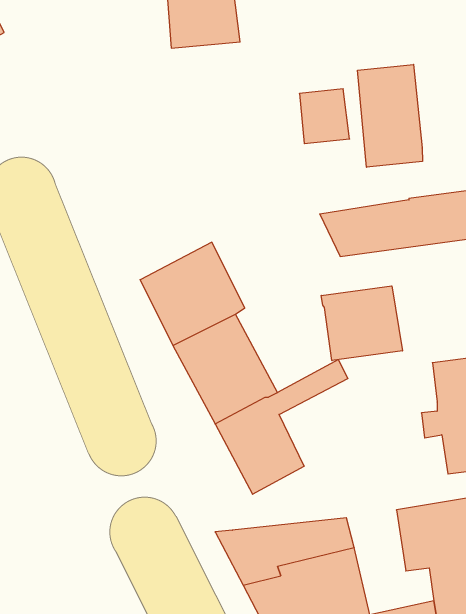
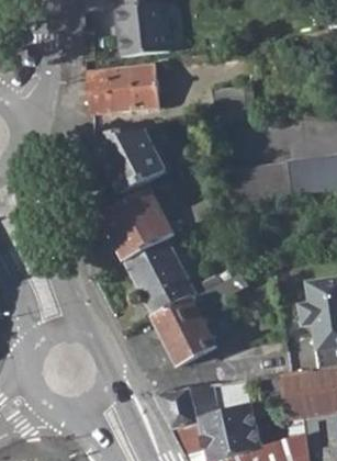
building: none -> [87,60,161,113]
building: [358,64,422,167] -> none
building: none -> [92,128,166,194]
building: [321,286,402,361] -> none

